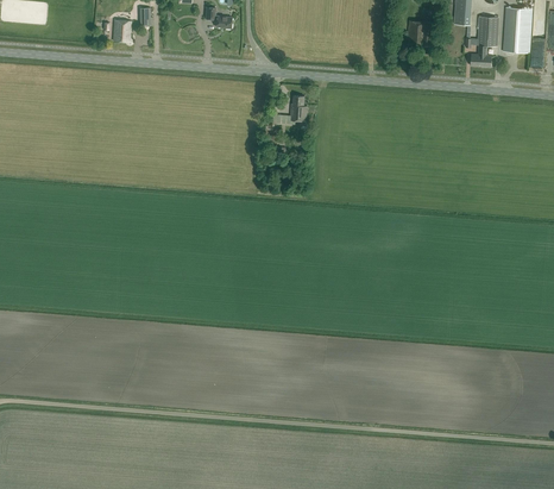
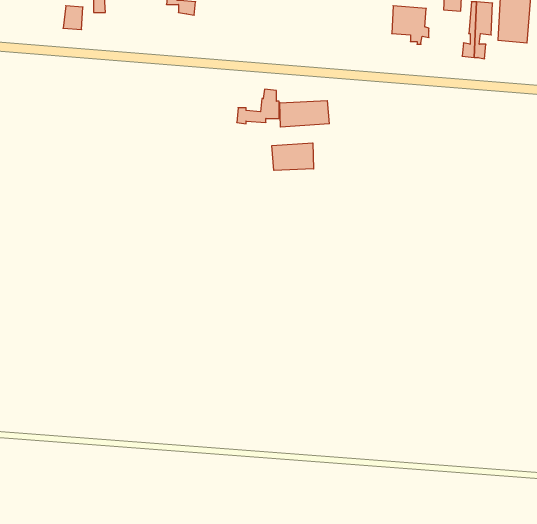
building: none -> [280,101,329,127]
building: none -> [272,143,314,170]

